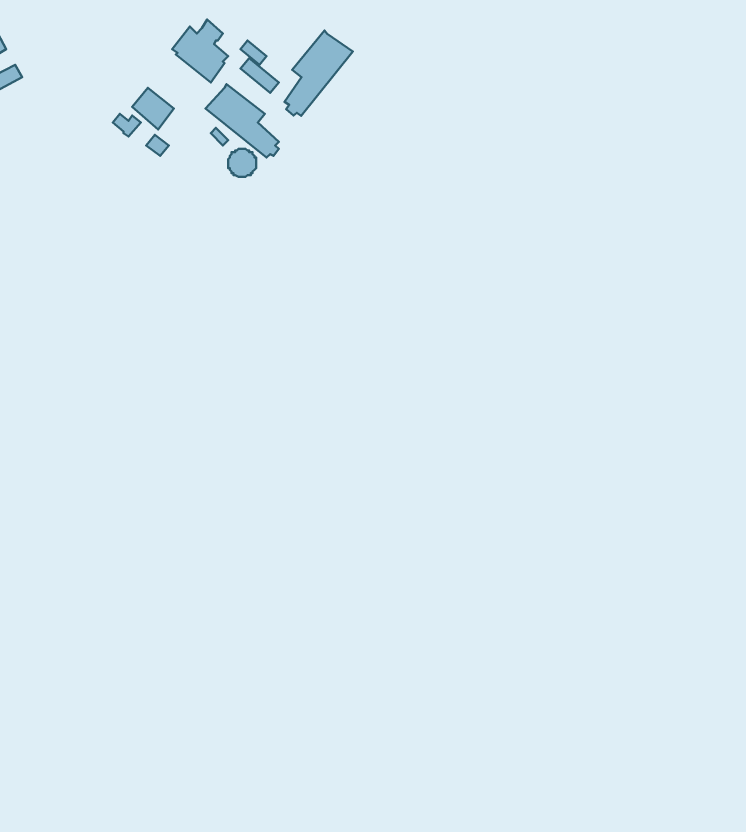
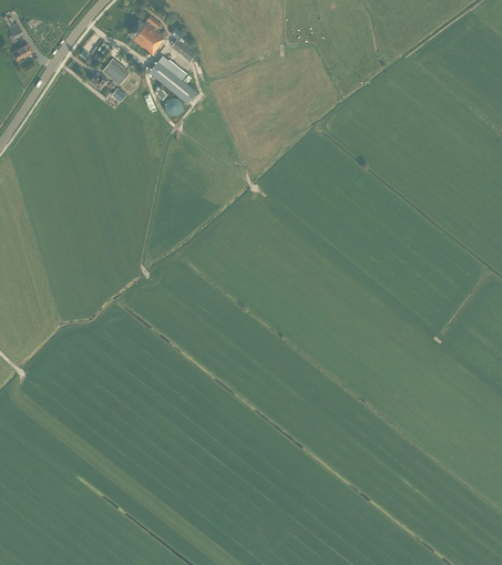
building: [285,30,353,116] -> none

